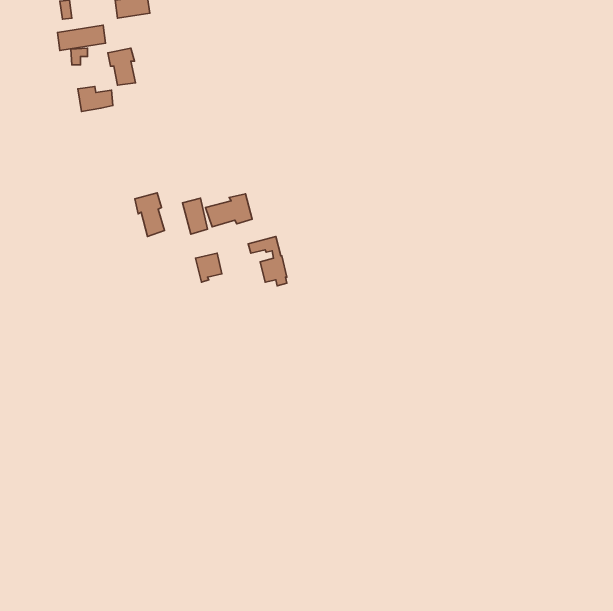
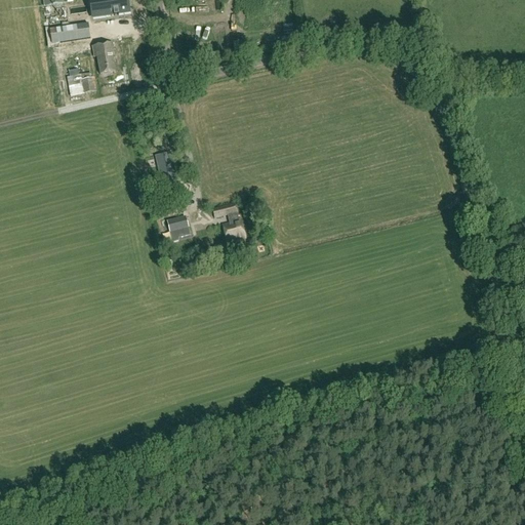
building: [135,193,164,237] -> none
building: [205,194,252,227] -> none

